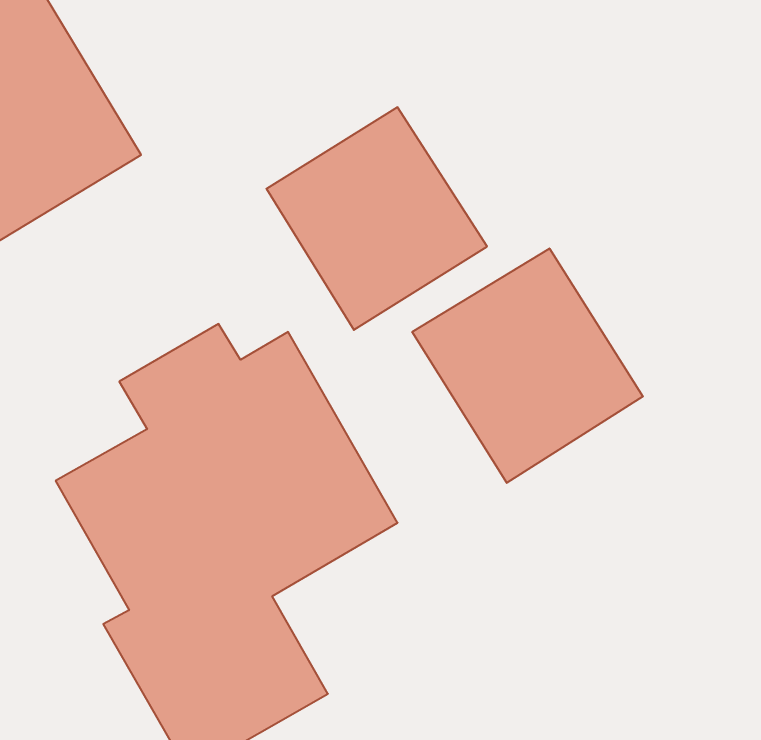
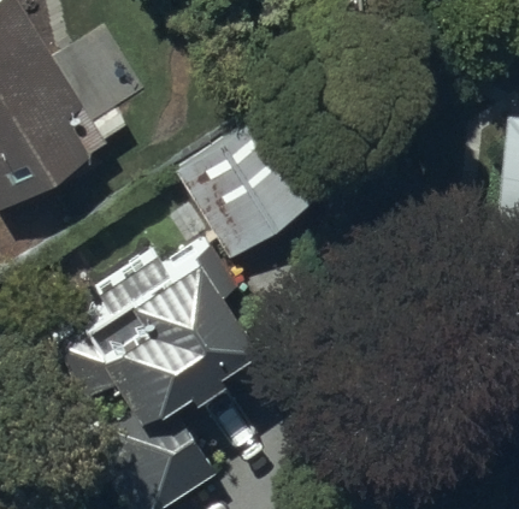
building: [412,248,643,483] -> none

